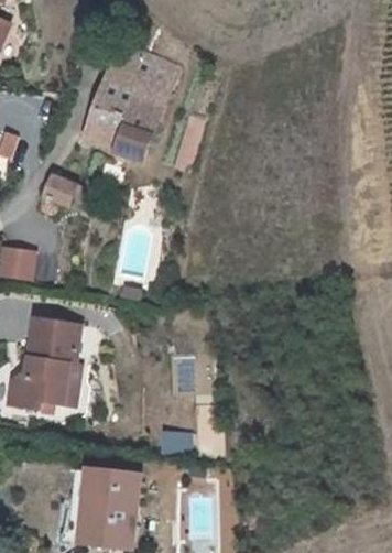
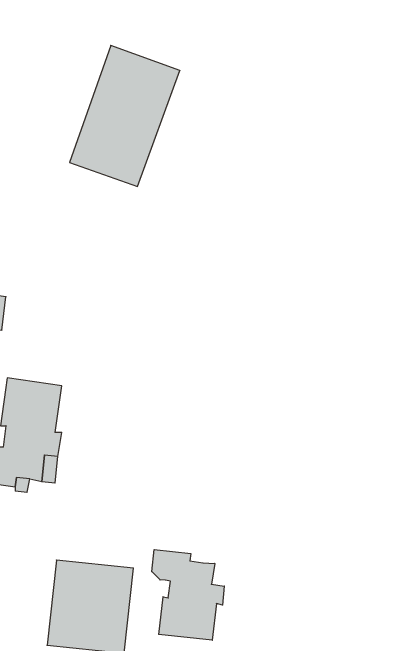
building: [41,175,85,213] -> none
building: none -> [152,550,224,640]

